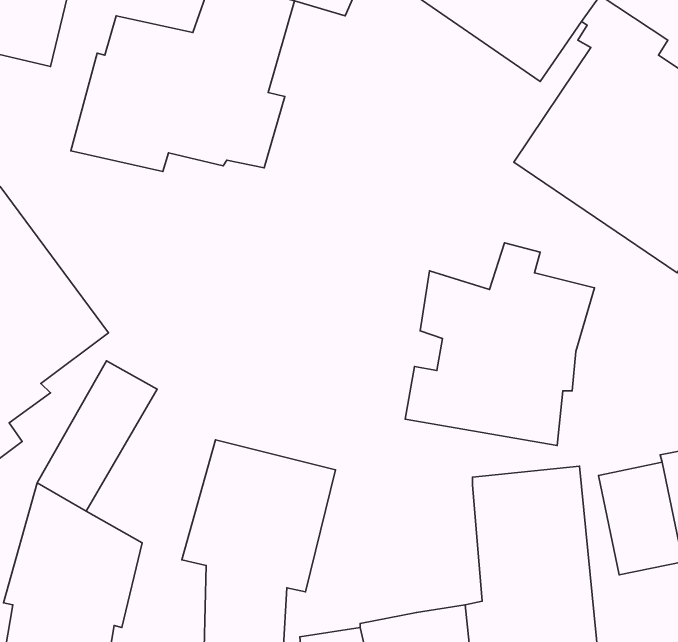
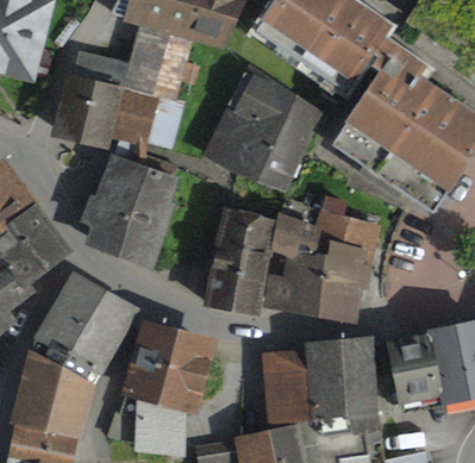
building: none -> [201,62,323,193]
building: none -> [79,154,179,268]
building: none -> [204,207,276,315]
building: none -> [60,288,140,386]
building: none -> [261,349,311,430]

